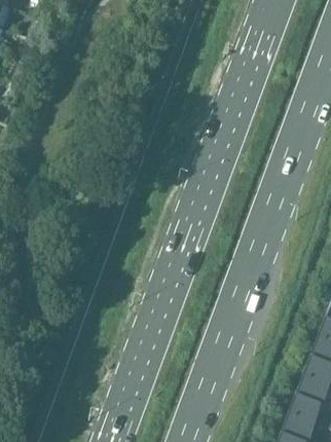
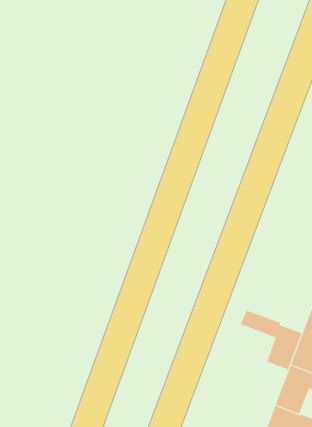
building: none -> [240,310,302,370]

